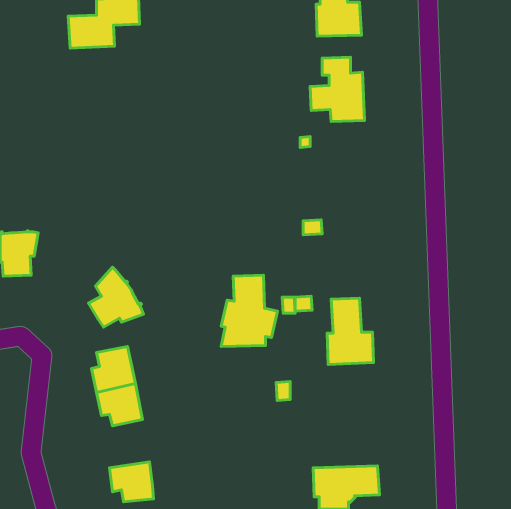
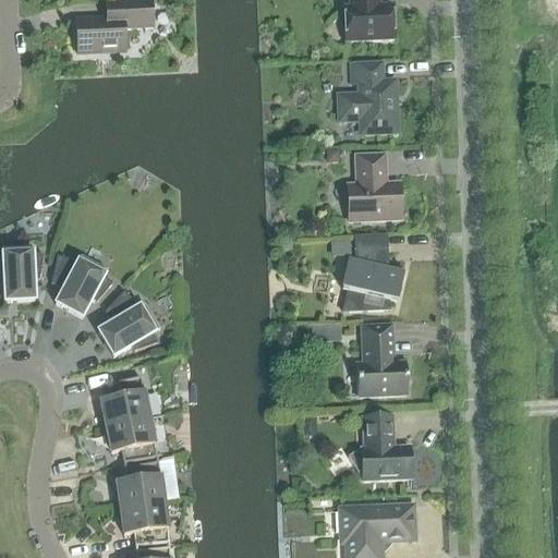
building: none -> [349,154,401,219]
building: none -> [52,255,113,316]
building: [221,275,277,346] -> [342,232,403,310]
building: none -> [349,414,411,480]
building: none -> [117,461,165,508]

